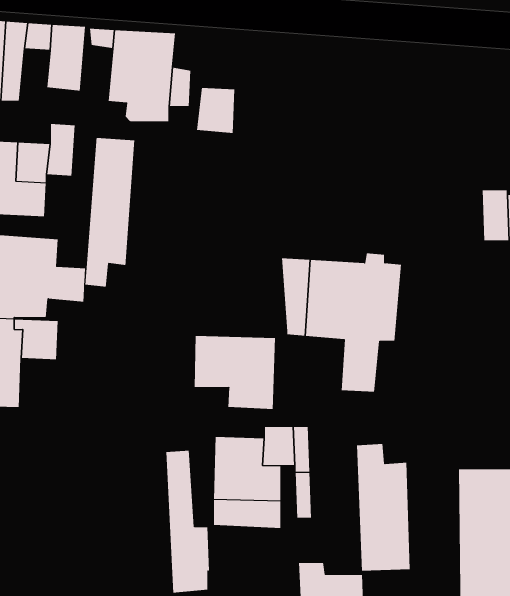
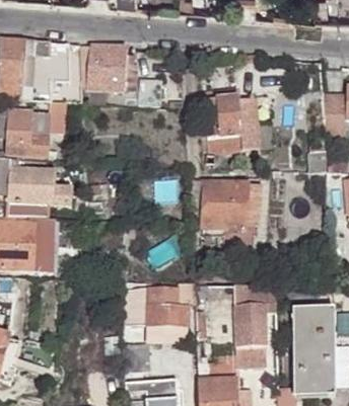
building: none -> [204,88,269,150]
building: [85,137,135,287] -> none
building: [194,335,275,410] -> none

